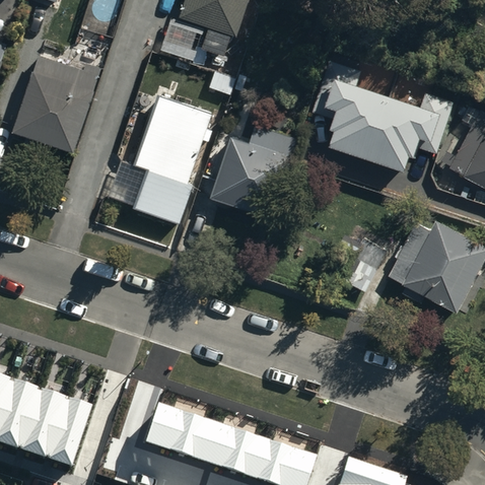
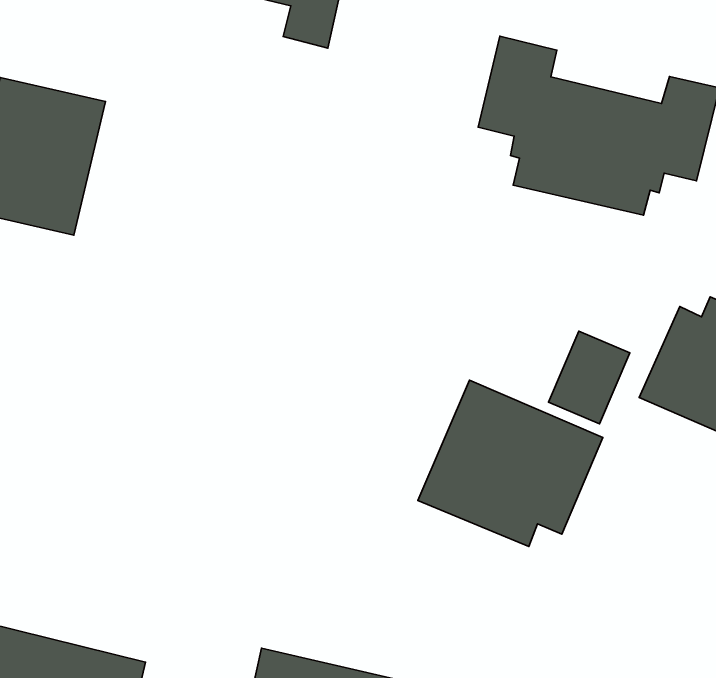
building: [109,92,210,220] -> none
building: [208,128,294,218] -> none
building: none -> [418,380,603,547]

